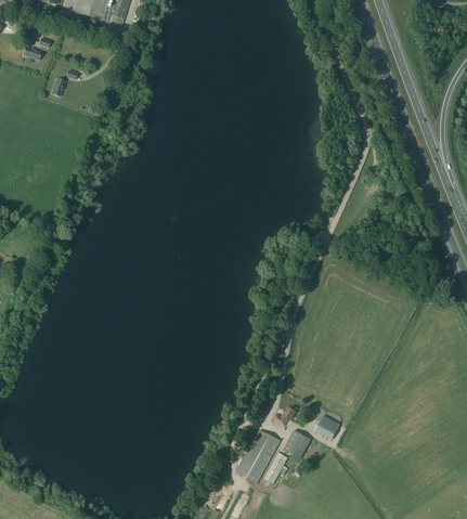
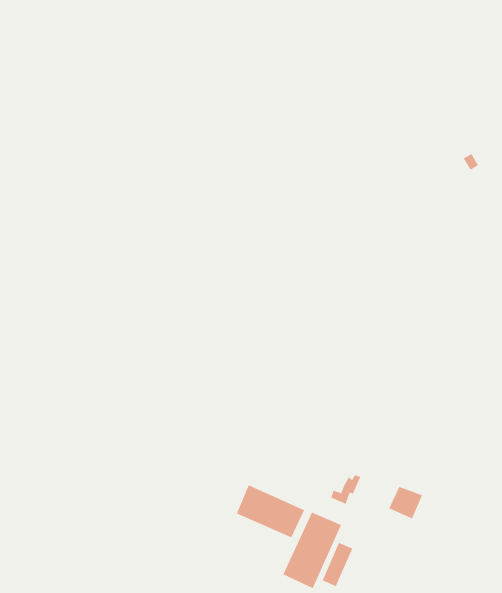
building: none -> [236,485,305,538]
building: [284,429,311,457] -> none

